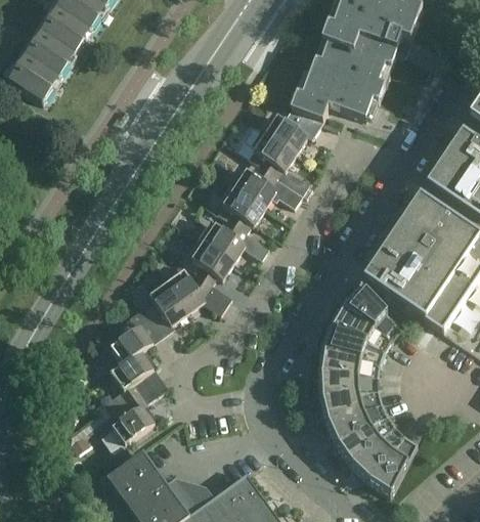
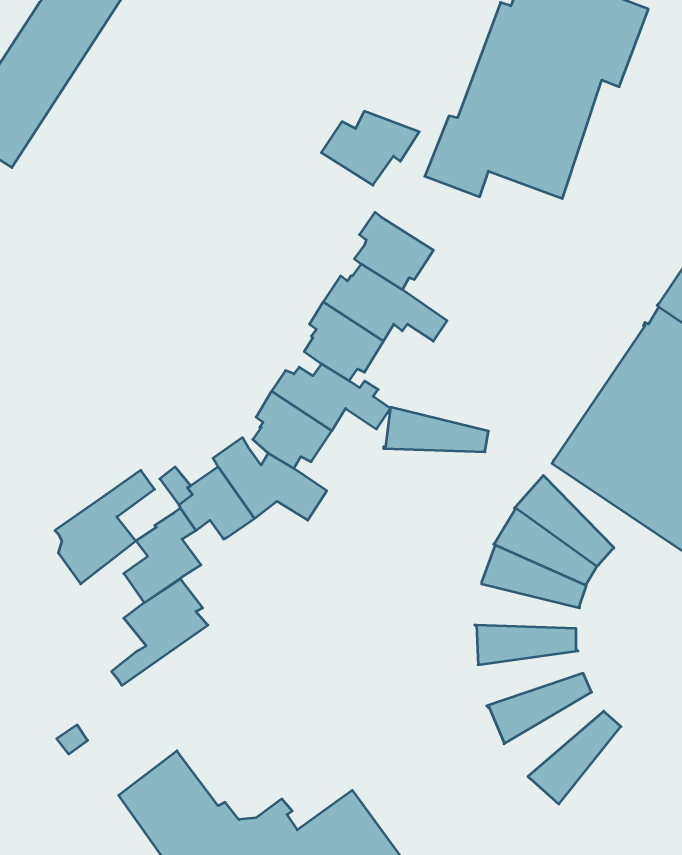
building: [263,108,321,153] -> [321,111,419,185]
building: [318,351,381,378] -> [384,407,489,452]
building: [108,376,168,443] -> [55,470,155,584]
building: [320,391,383,424] -> none
building: [336,416,395,466] -> none
building: [368,436,418,497] -> none

